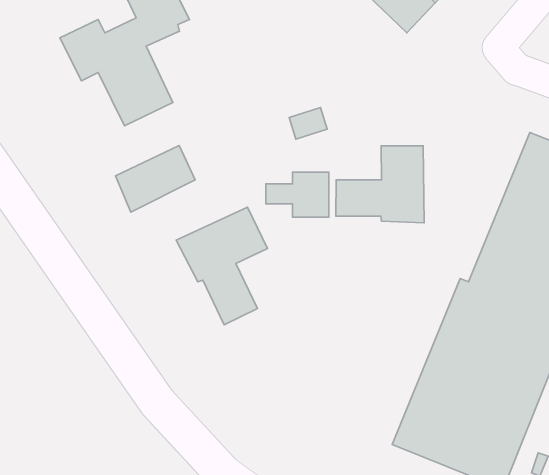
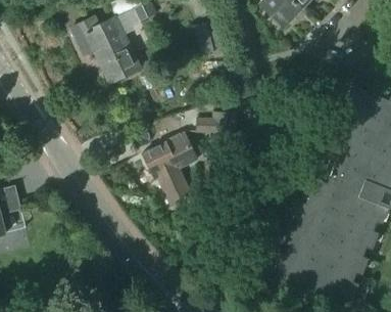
building: [115,145,195,212] -> none
building: [336,146,424,223] -> none

